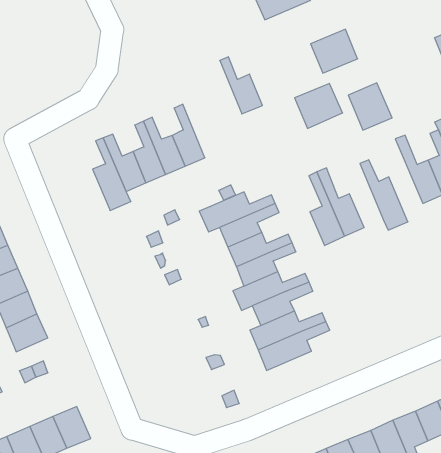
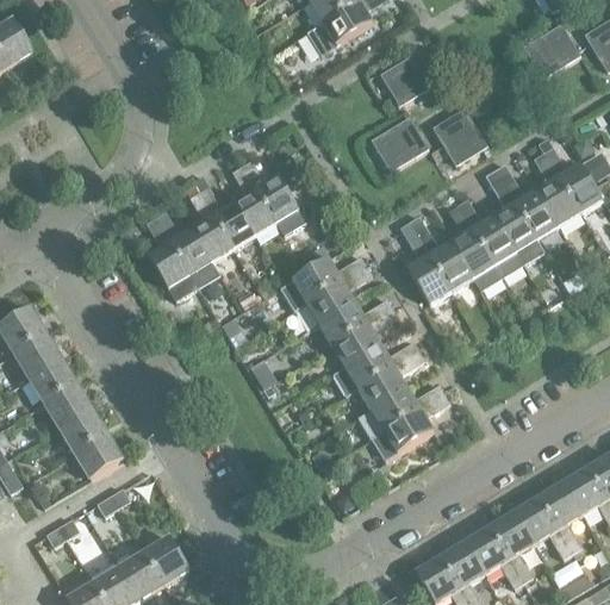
building: [220,57,262,114] -> [242,158,299,223]
building: none -> [485,169,544,263]
building: none -> [448,204,502,289]

